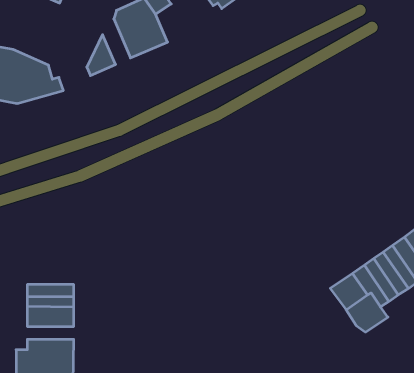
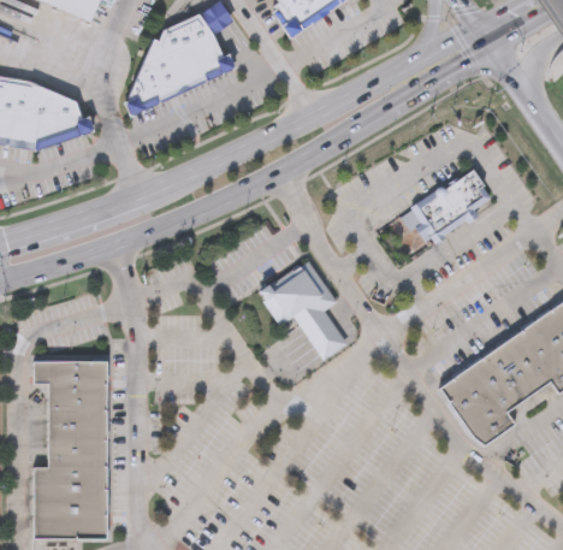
building: none -> [144,36,180,97]
building: none -> [396,170,492,242]
building: none -> [256,258,345,359]
building: none -> [32,360,107,383]
building: none -> [47,437,107,454]

